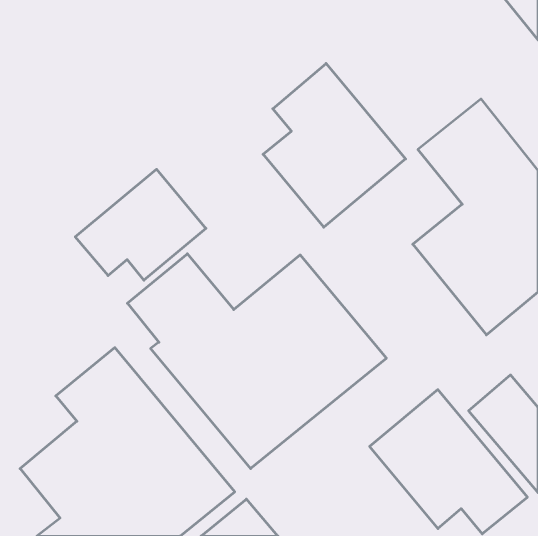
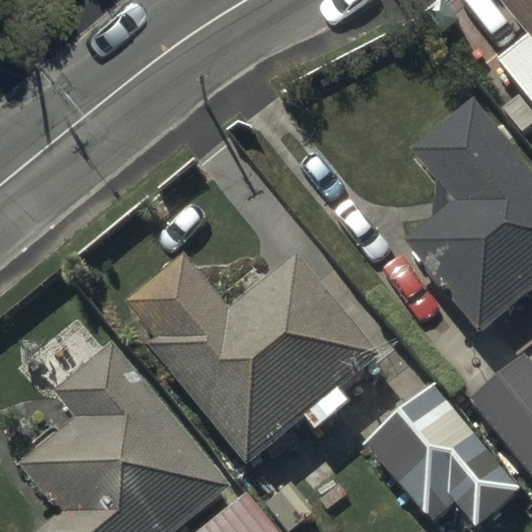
building: [263,63,406,227] -> none
building: [75,169,206,280] -> none

